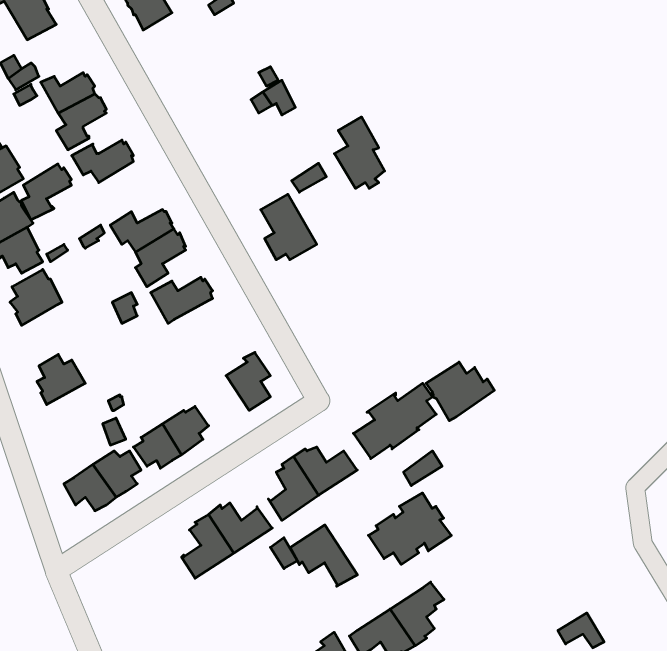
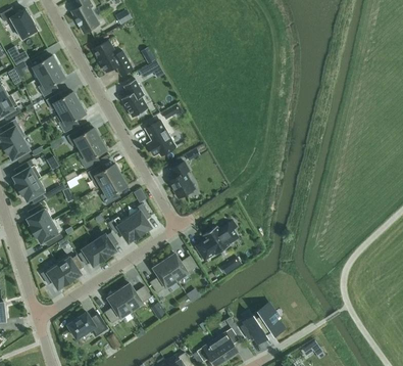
building: none -> [93,40,133,76]
building: [334,117,385,188] -> [121,79,148,117]
building: [21,164,71,220] -> [59,102,86,132]
building: none -> [169,161,195,197]
building: none -> [100,175,128,204]
building: none -> [19,178,47,203]
building: [426,362,494,421] -> none
building: none -> [109,216,140,241]
building: none -> [33,220,62,245]
building: [368,493,451,564] -> [241,304,285,341]
building: [290,525,357,586] -> none
building: none -> [67,312,107,337]

